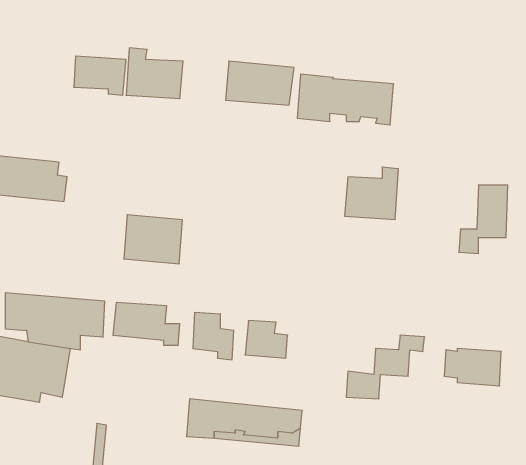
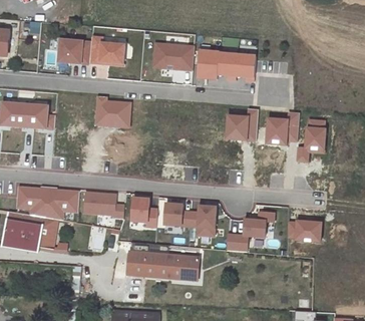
building: none -> [265,111,300,145]
building: [124,215,182,264] -> [94,97,130,127]
building: none -> [189,206,216,236]

